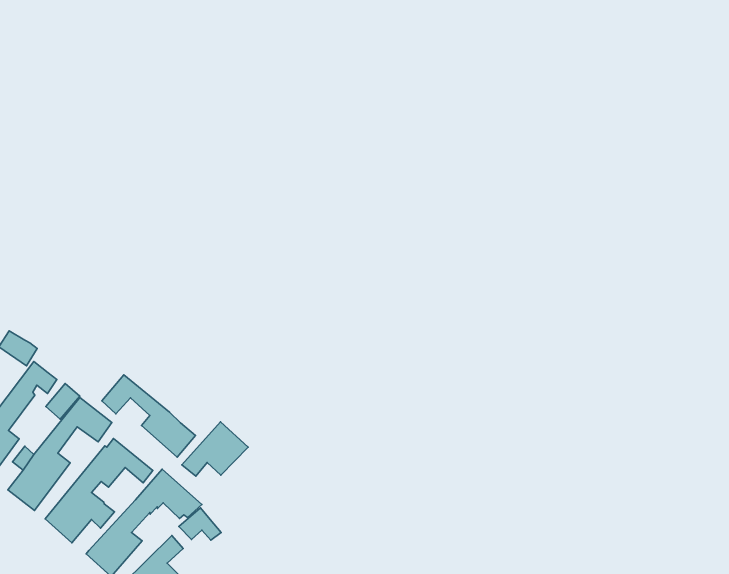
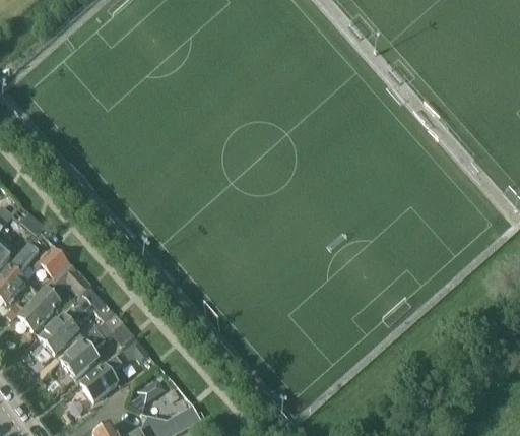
building: [102,375,196,457] -> none
building: [182,422,248,476] -> none

